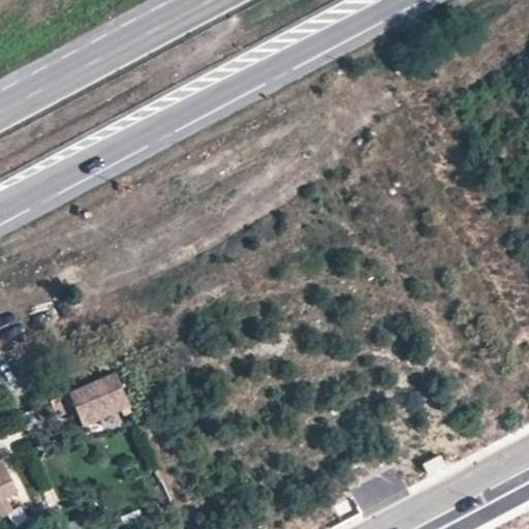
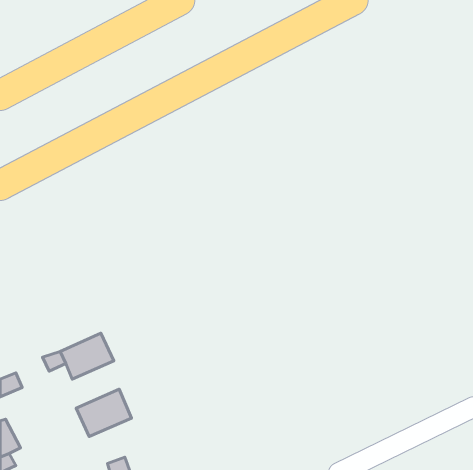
building: none -> [76,389,132,437]

